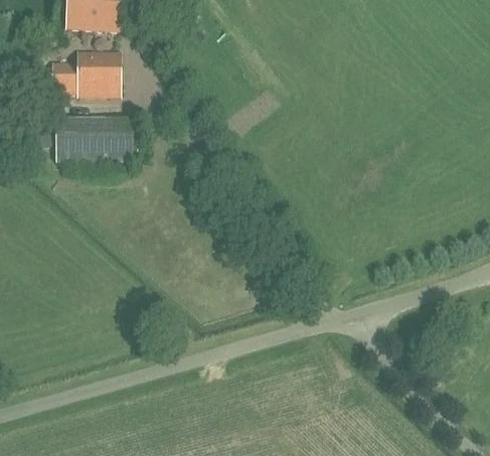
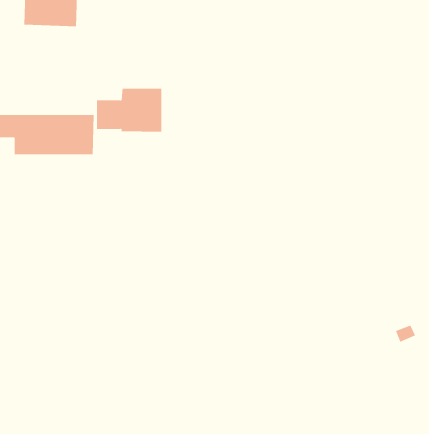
building: [52,51,120,97] -> [96,88,162,132]

